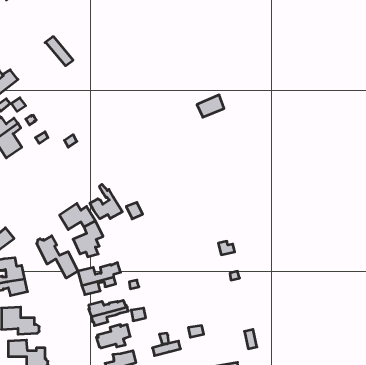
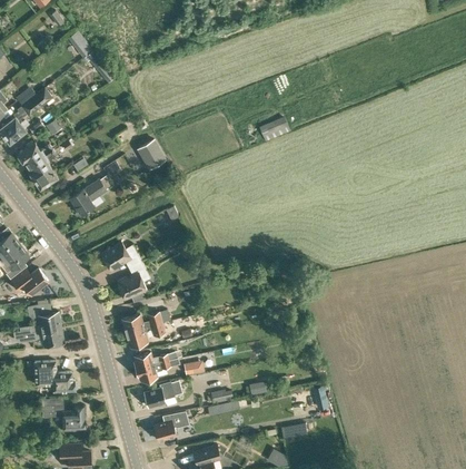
building: none -> [136,139,165,169]
building: none -> [69,178,107,214]
building: [90,184,122,219] -> none
building: [37,236,78,278] -> none

